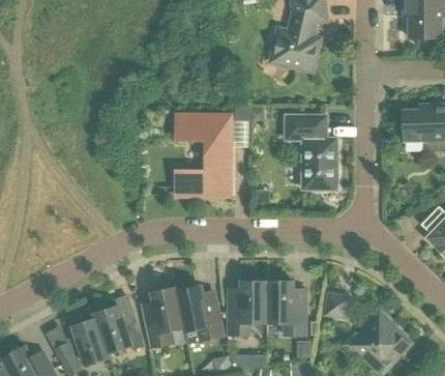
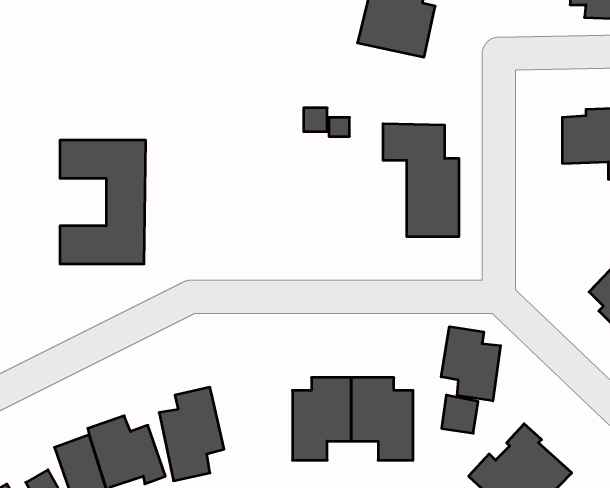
building: [176,115,232,196] -> [60,140,146,264]
building: none -> [441,327,501,401]
building: [175,285,225,345] -> none

